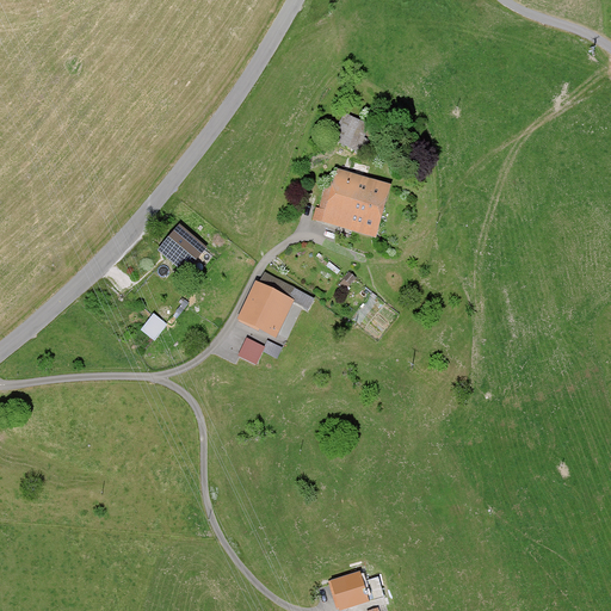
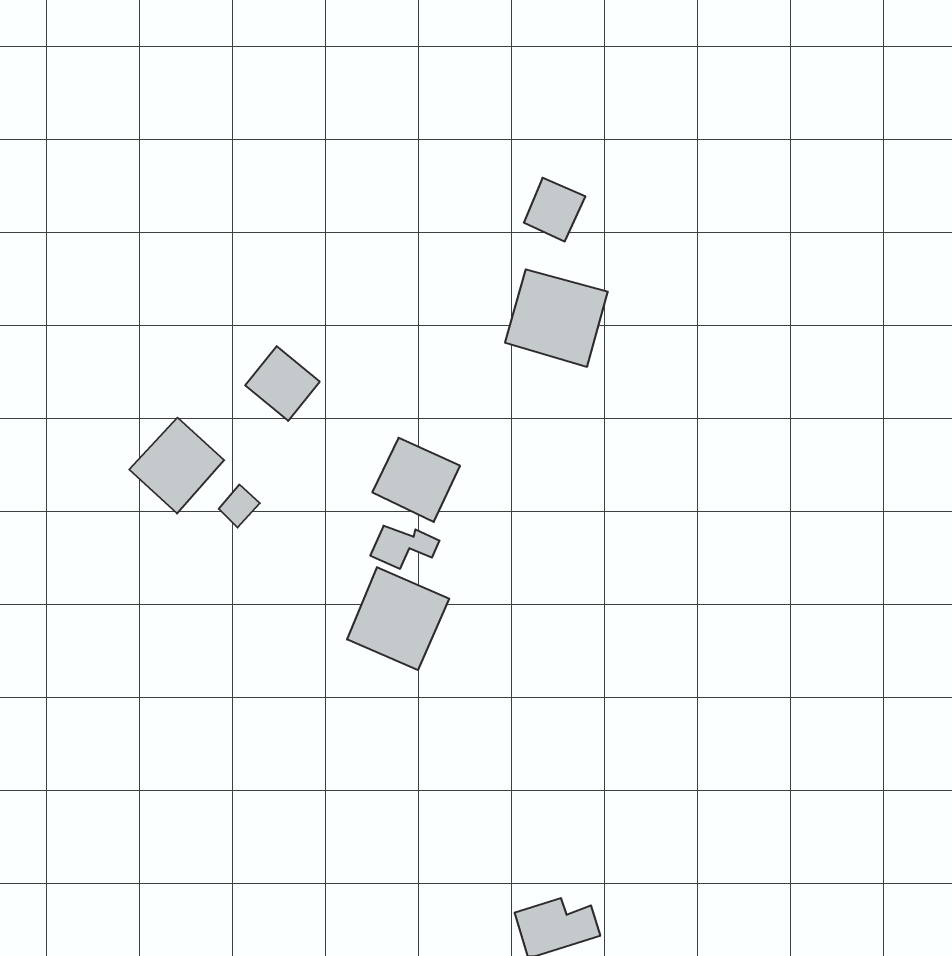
building: none -> [129,418,224,514]
building: none -> [347,567,449,670]

